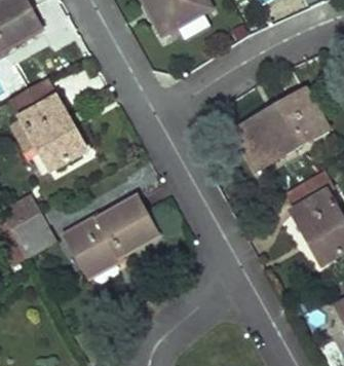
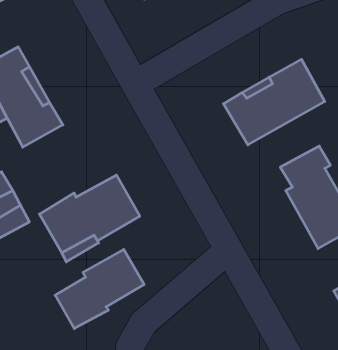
building: none -> [55,249,144,329]

